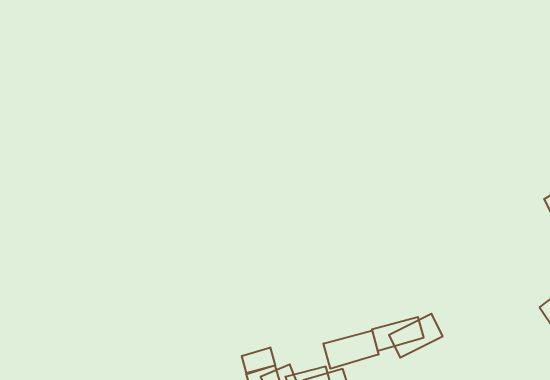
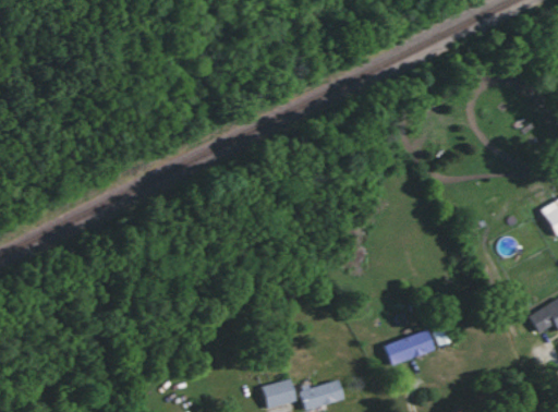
building: [323,330,379,369] -> none
building: [242,347,275,373] -> none

